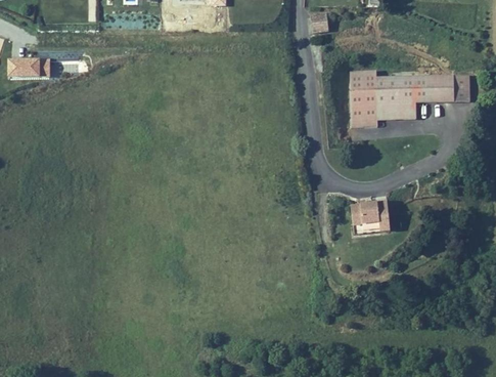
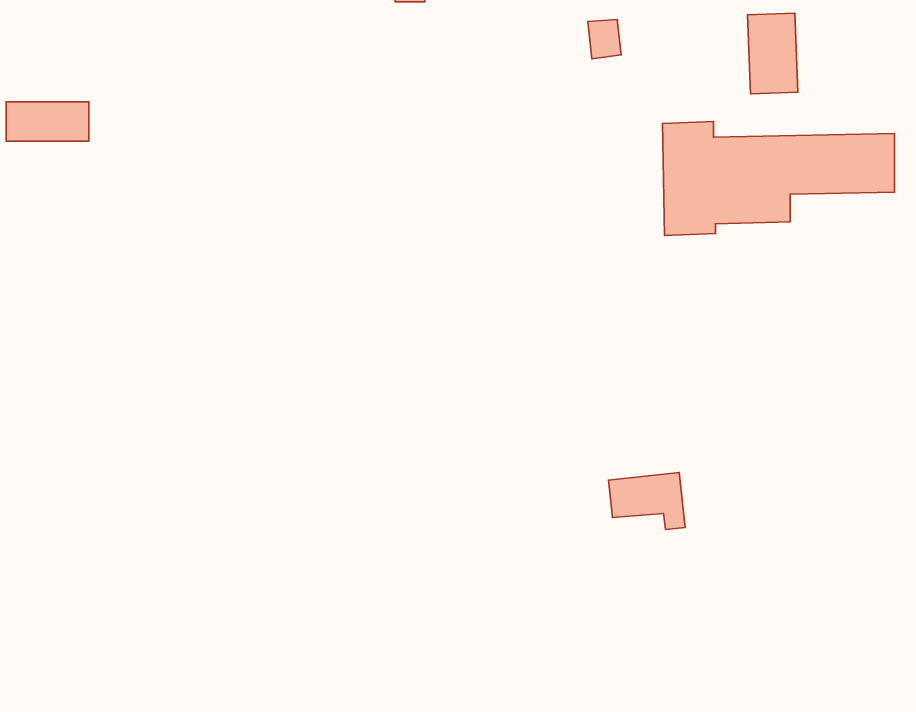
building: none -> [747,13,798,94]
building: [351,199,391,228] -> [609,472,685,529]

